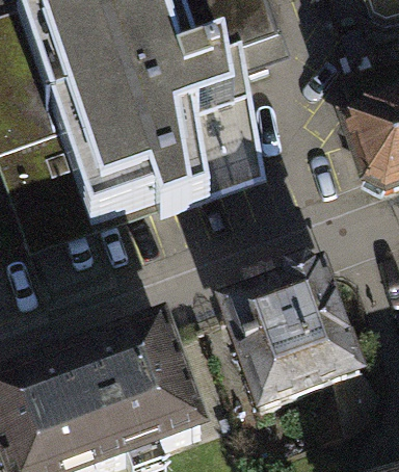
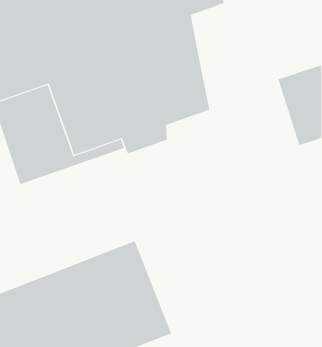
building: [230,269,368,410] -> none

